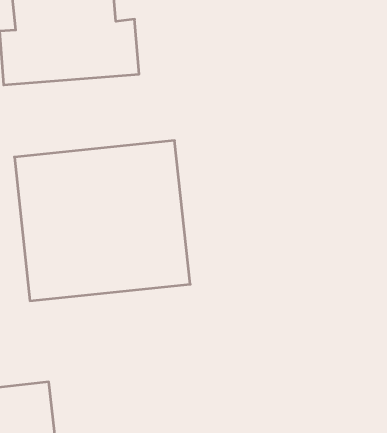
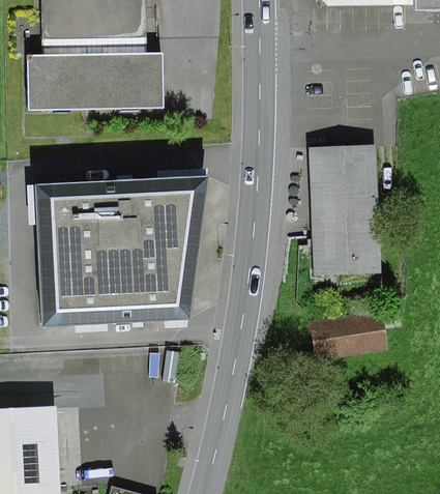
building: none -> [307,147,379,275]
building: none -> [312,310,385,360]

